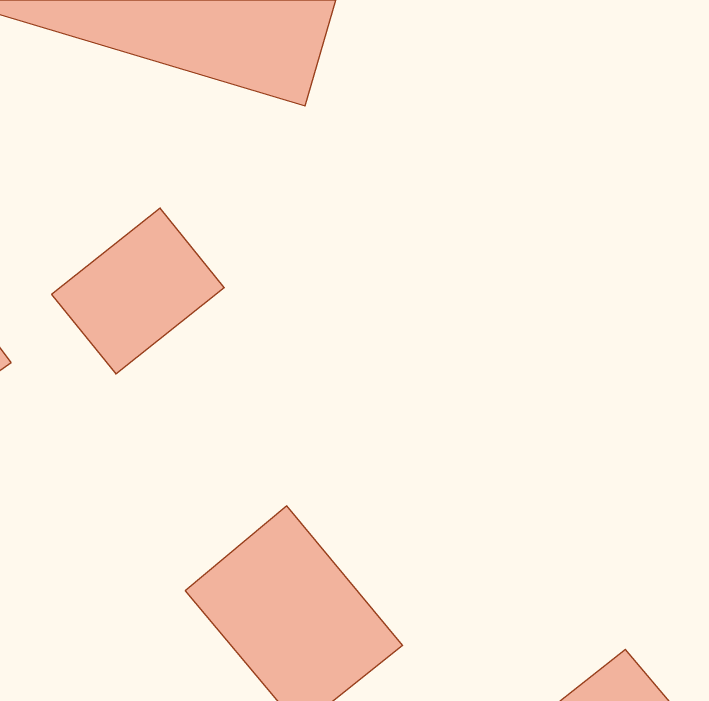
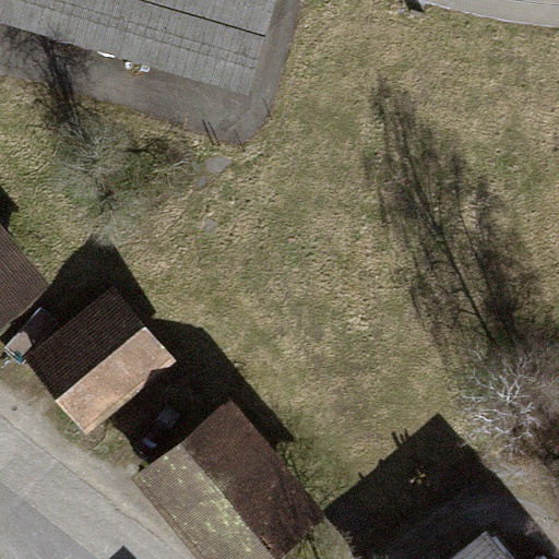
building: [52,208,224,374] -> [32,293,167,423]

